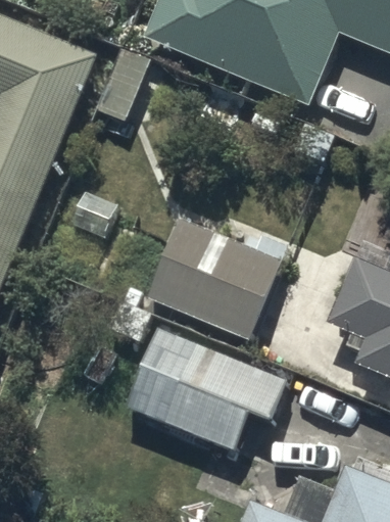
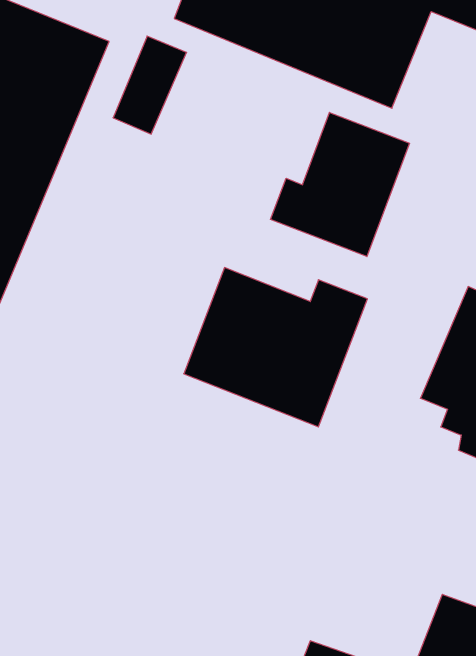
building: none -> [271,112,410,257]
building: [127,326,289,448] -> none

